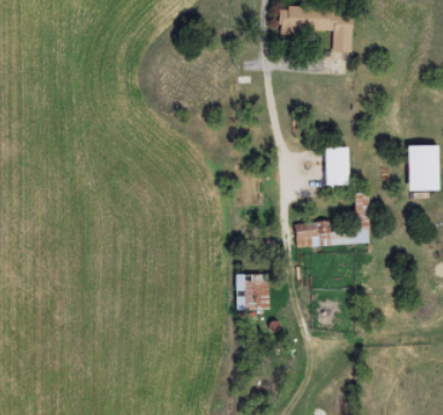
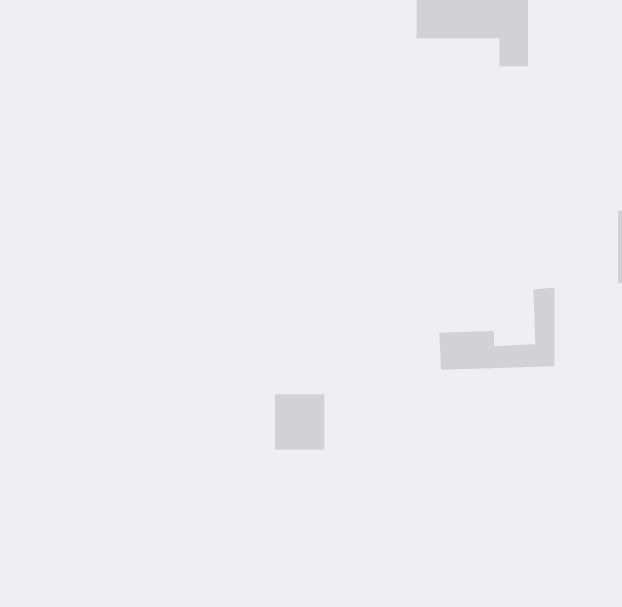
building: [325,146,349,186] -> none
building: [235,274,268,310] -> [274,394,325,450]

